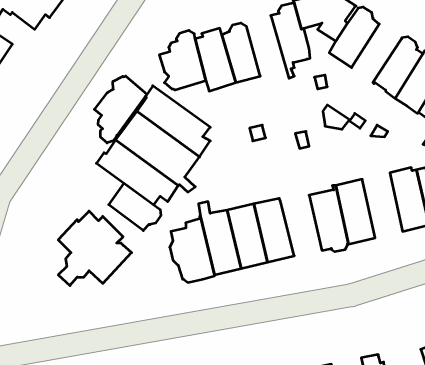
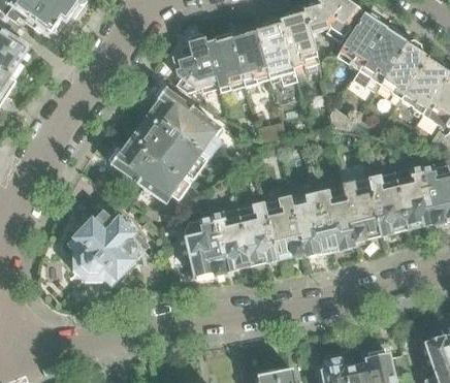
building: none -> [256,18,297,86]
building: none -> [352,24,407,92]
building: [94,76,147,143] -> none
building: none -> [368,172,408,235]
building: [109,183,161,231] -> none
building: none -> [289,194,329,256]

